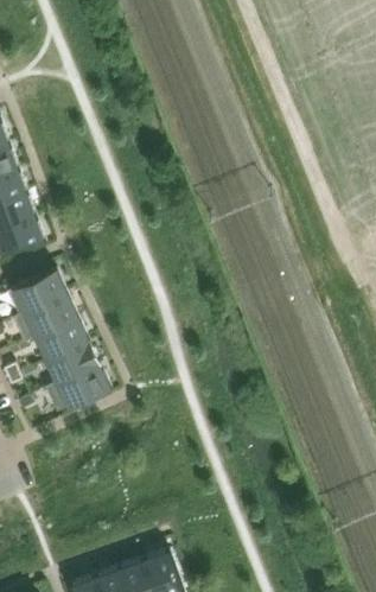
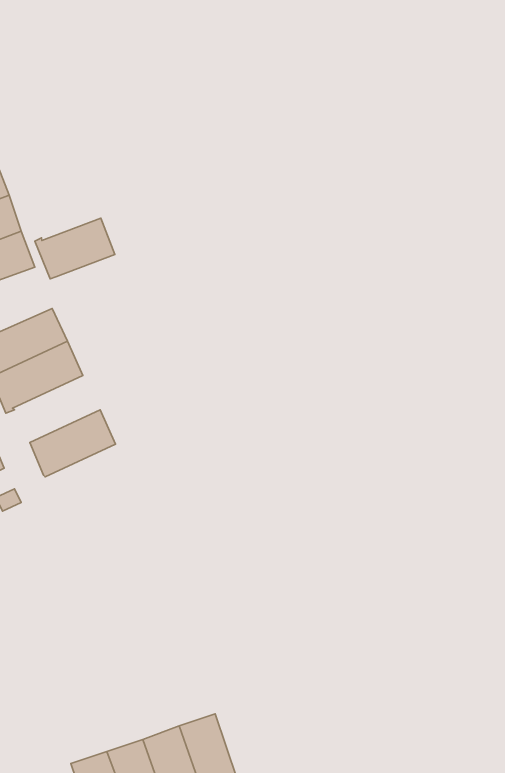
building: none -> [35,218,115,279]
building: [30,316,90,362] -> none
building: [46,363,111,412] -> none

